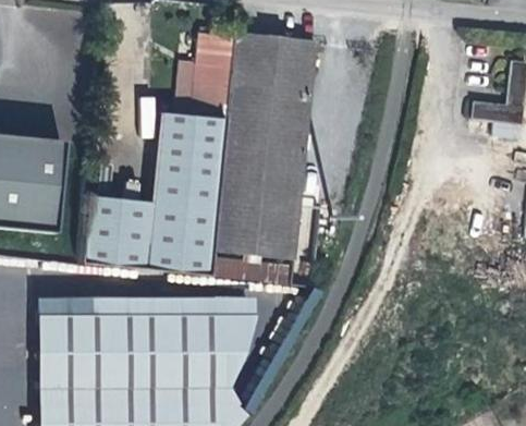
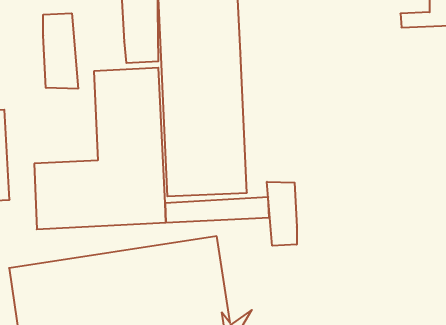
building: none -> [43,13,78,89]
building: none -> [267,182,297,246]

